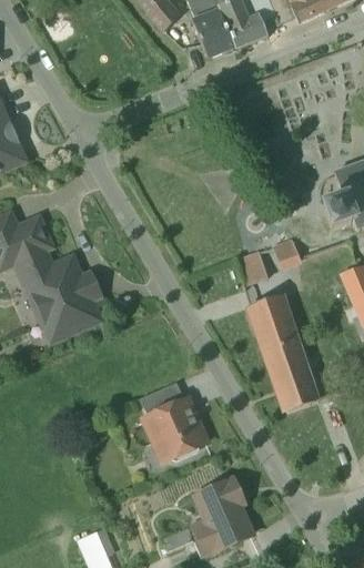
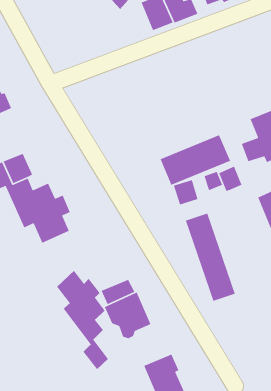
building: none -> [160,134,231,186]
building: none -> [218,166,242,192]
building: none -> [56,270,109,370]

